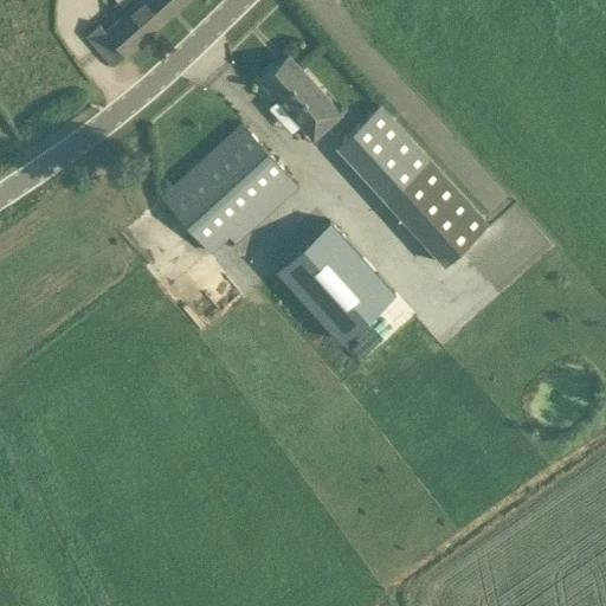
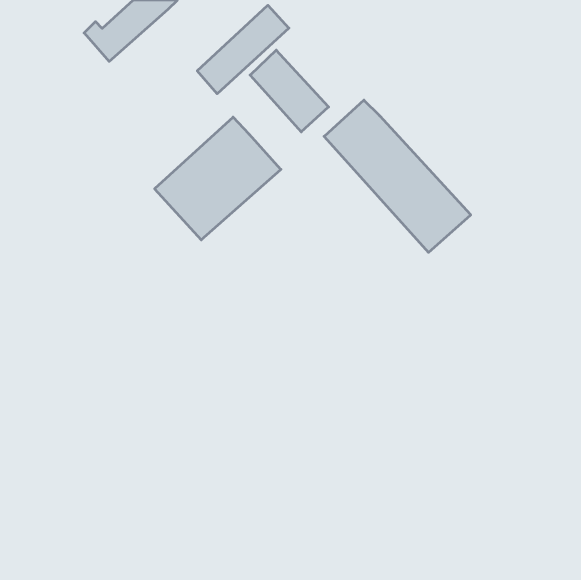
building: none -> [197,5,289,94]
building: [273,230,394,350] -> none

